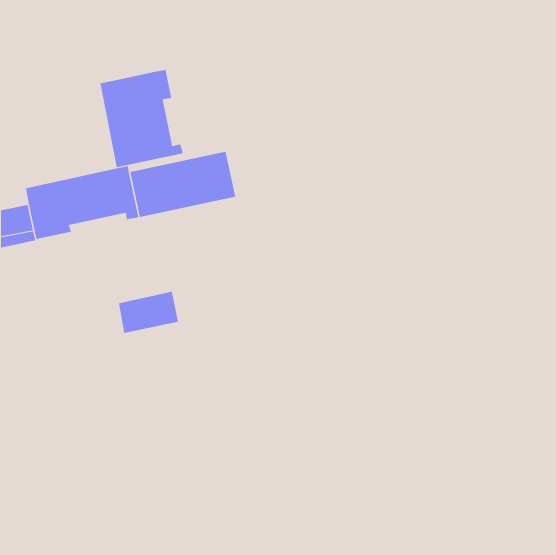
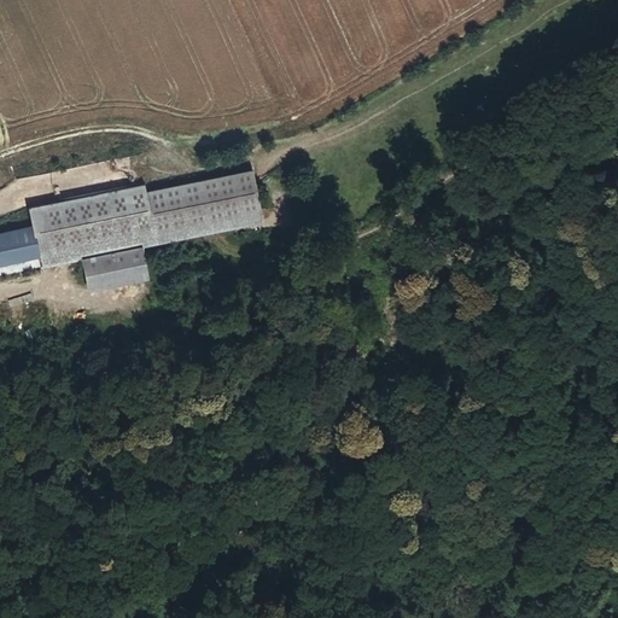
building: [100,69,184,168] -> none
building: [118,291,179,334] -> [80,245,147,292]

